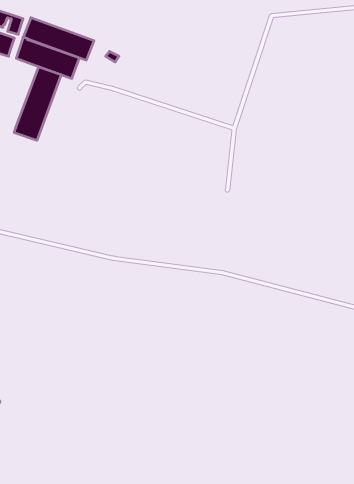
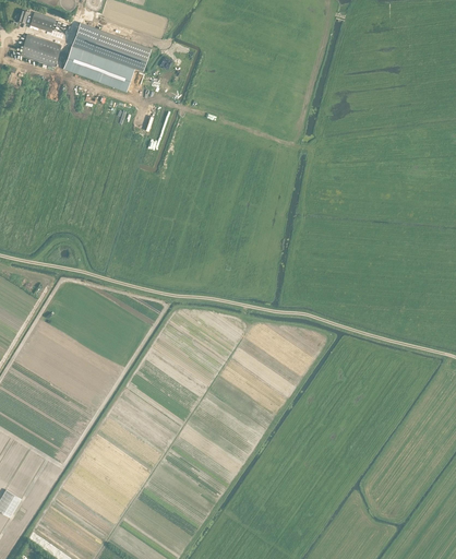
building: [14,67,61,140] -> none

